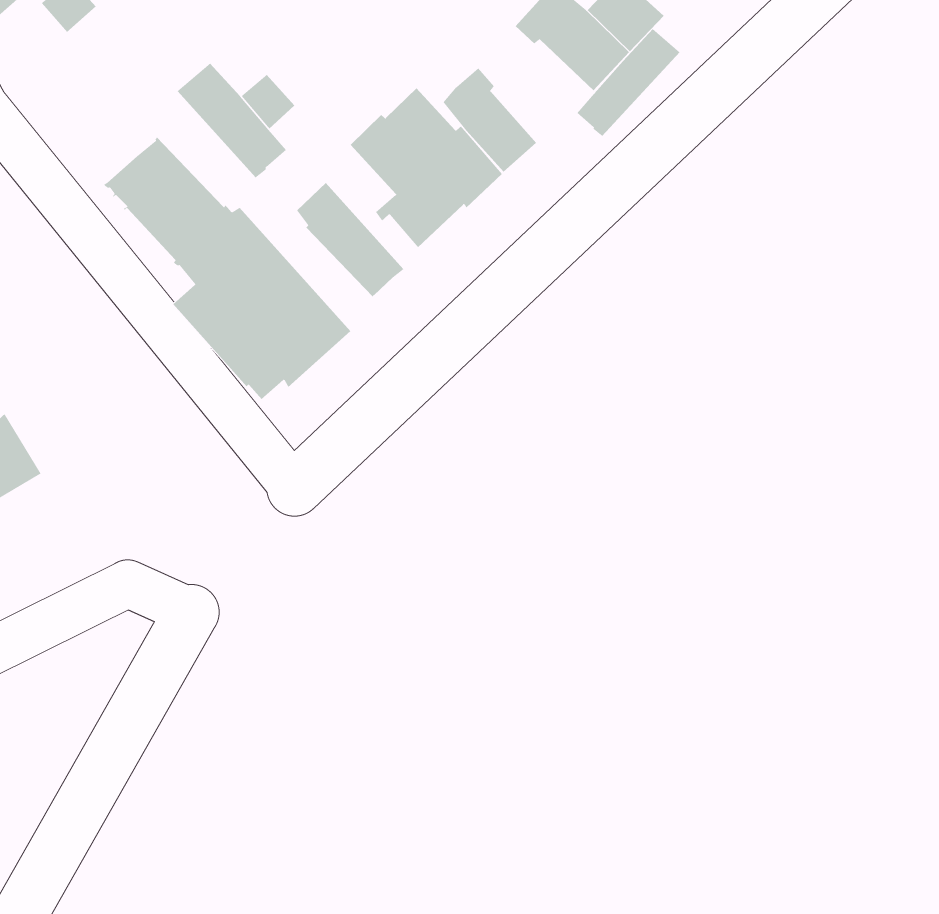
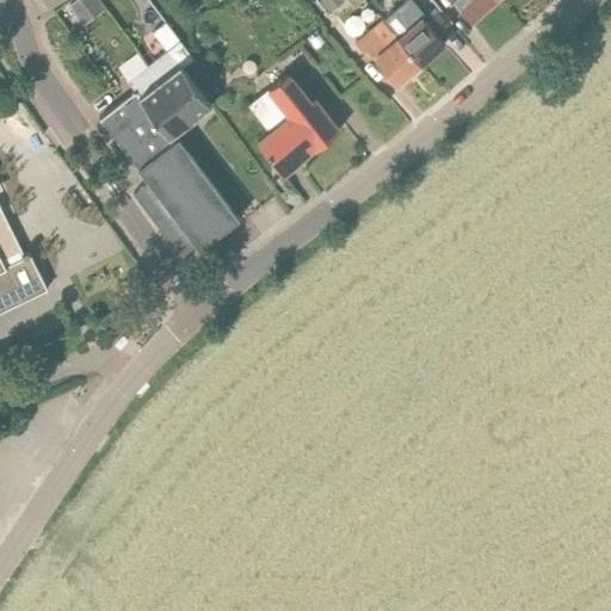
building: [576,28,680,137] -> none
building: [443,68,537,172] -> none
building: [296,182,404,297] -> [128,68,190,140]

